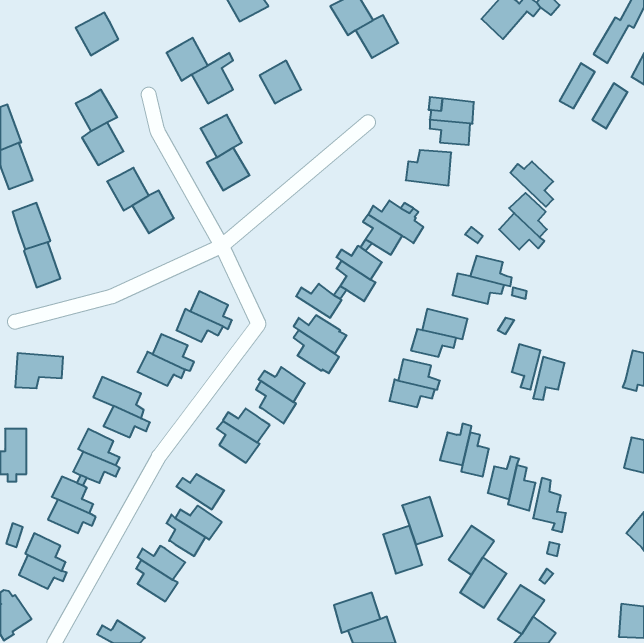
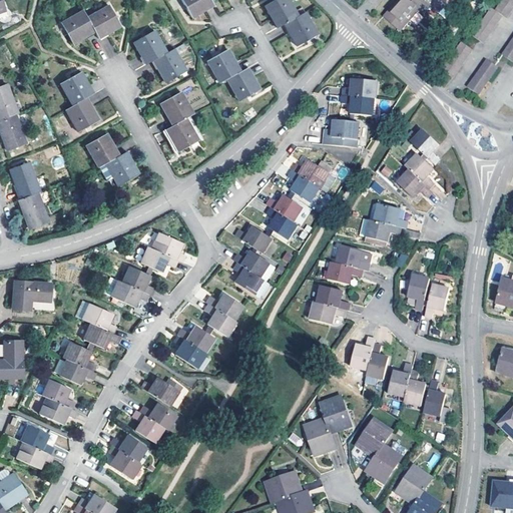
building: none -> [87,5,120,38]
building: none -> [225,66,260,101]

